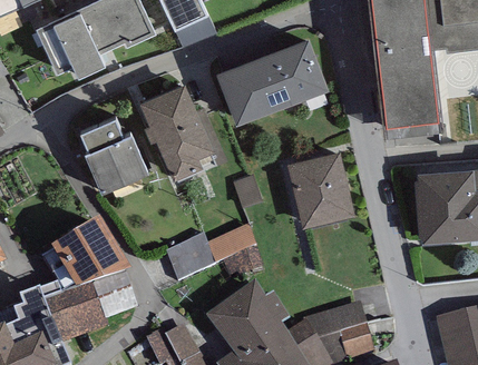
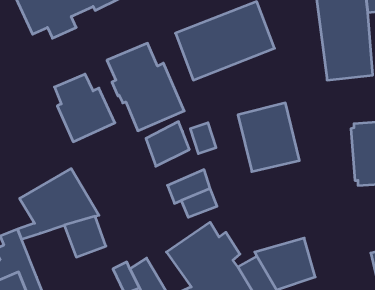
building: [166,233,215,283] -> [146,122,189,166]
building: [43,288,107,346] -> none

